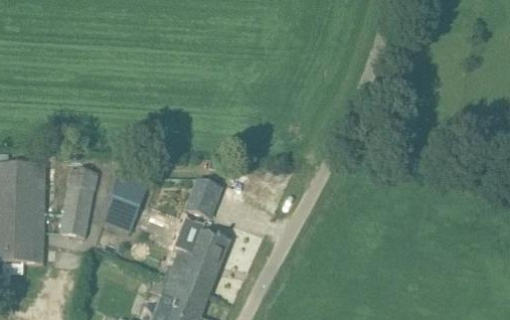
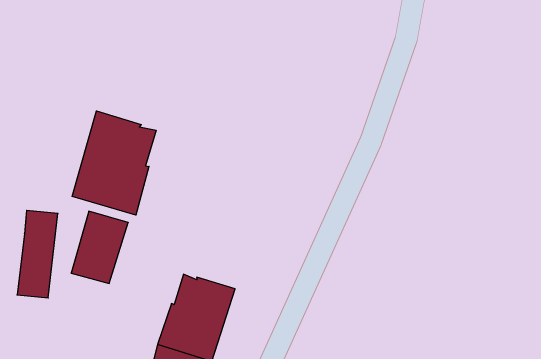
building: none -> [72,111,156,215]
building: [187,180,221,217] -> none

